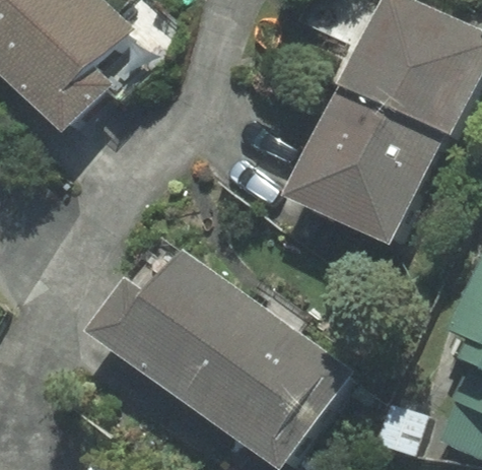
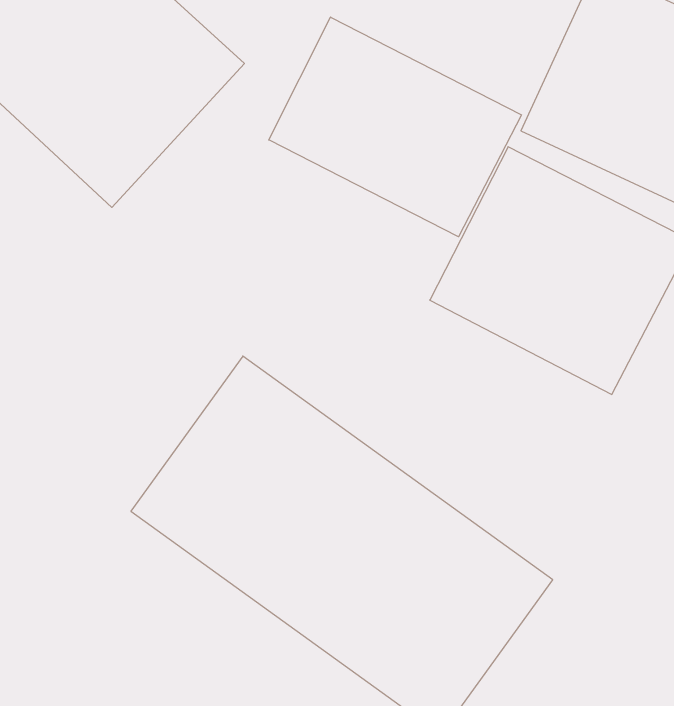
building: none -> [269,17,521,237]

